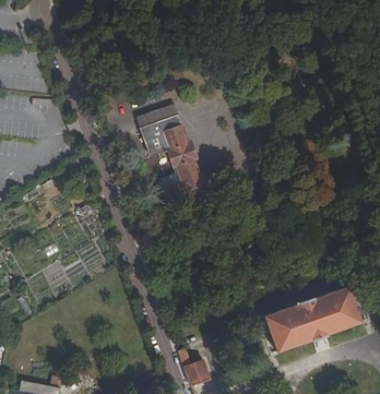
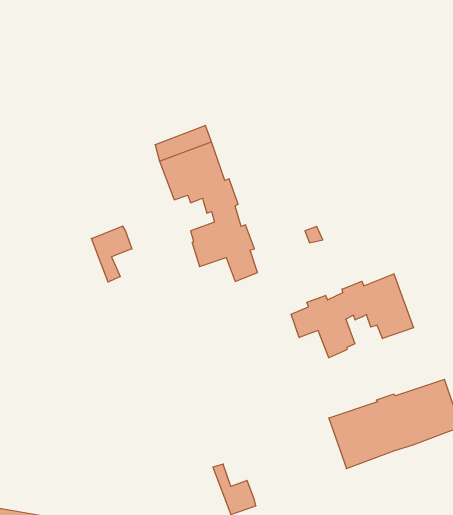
building: none -> [91,226,132,282]
building: none -> [291,274,413,358]

